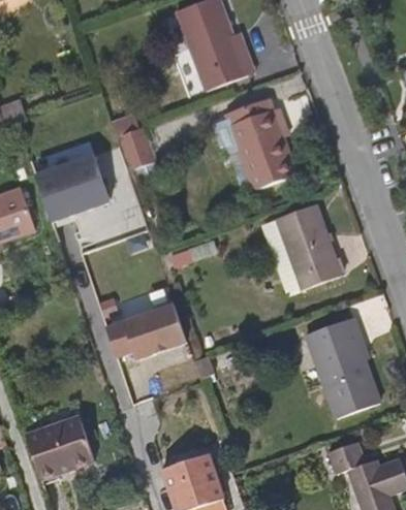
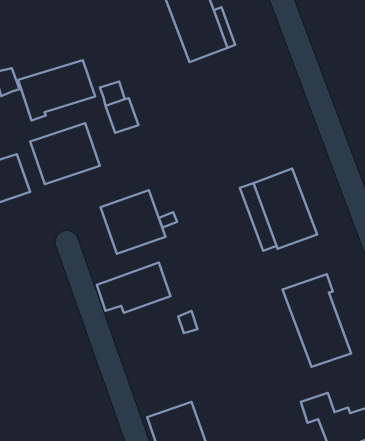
building: none -> [18,60,95,121]
building: [224,98,295,191] -> none
building: none -> [100,190,165,254]
building: [27,417,94,479] -> none

